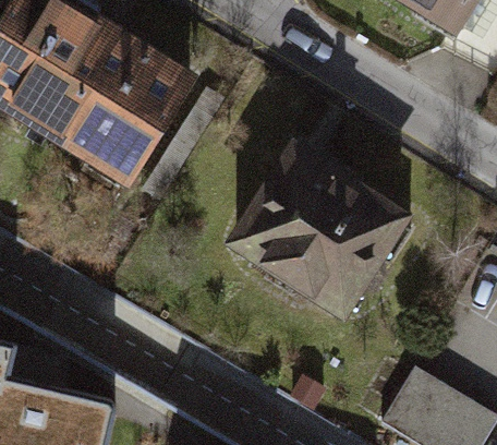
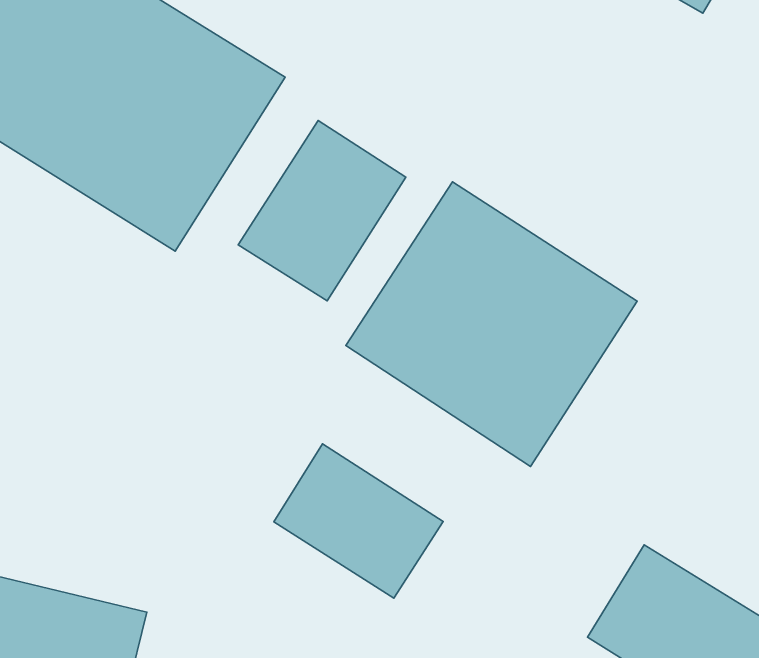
building: none -> [238,121,406,301]
building: none -> [274,444,443,598]

